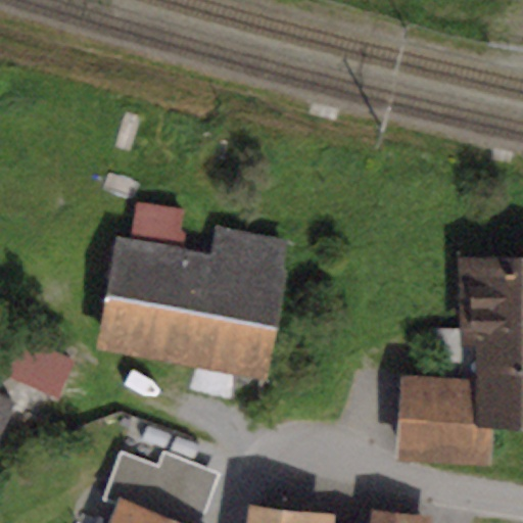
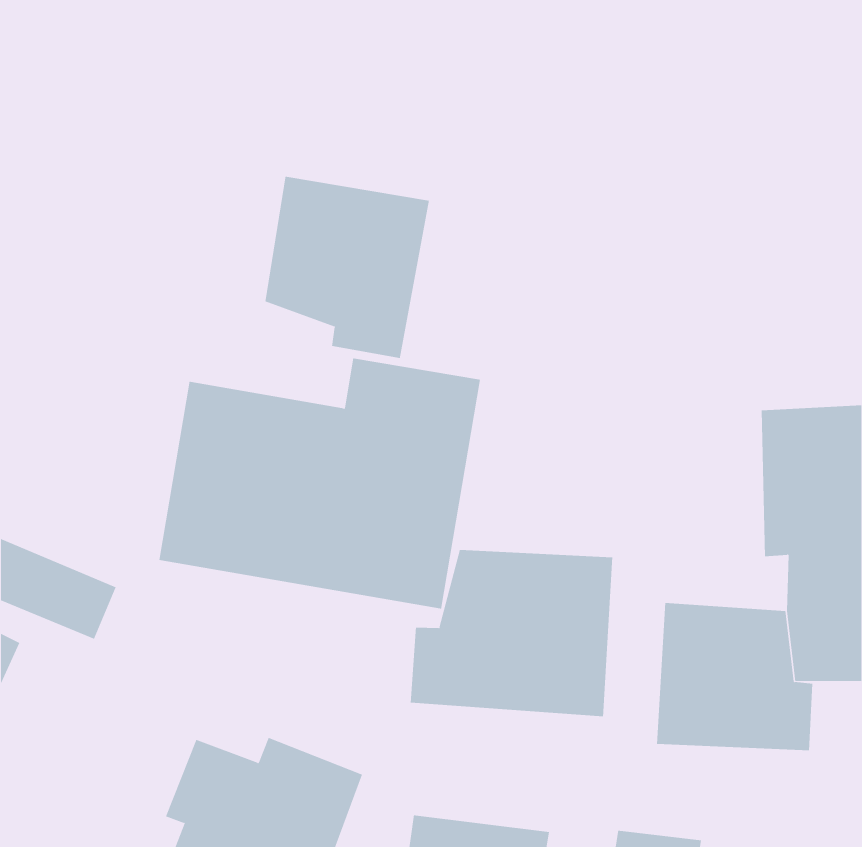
building: none -> [265,176,430,359]
building: none -> [410,549,613,717]

